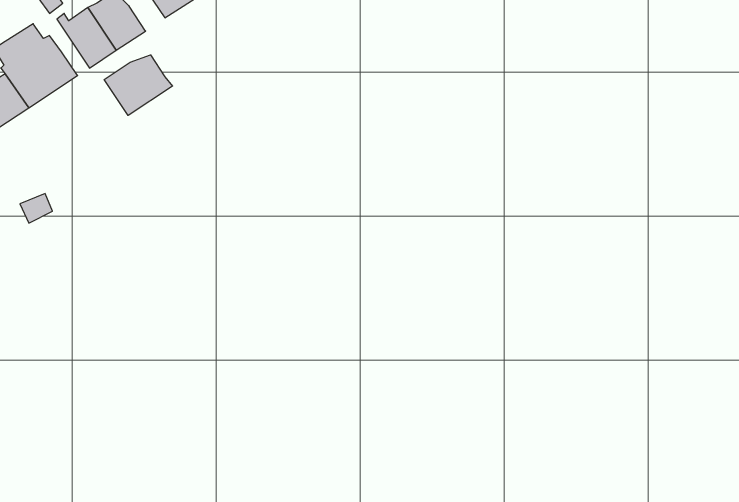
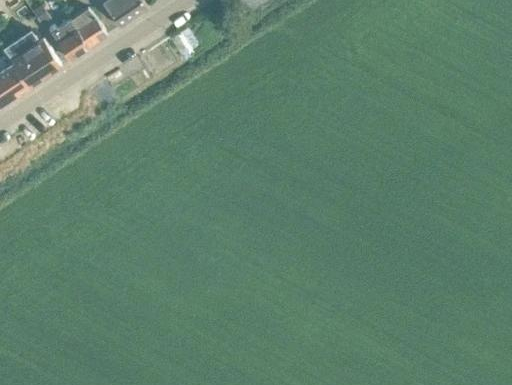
building: [104,55,173,115] -> none

